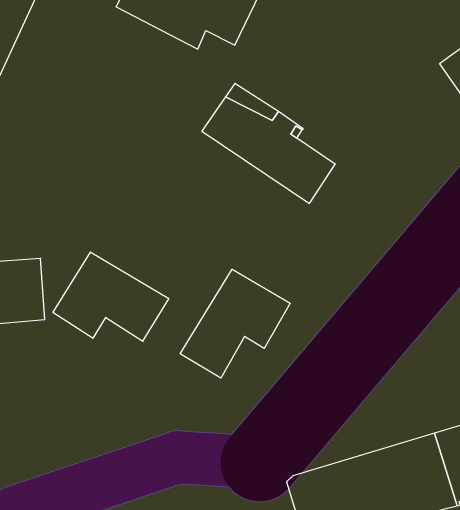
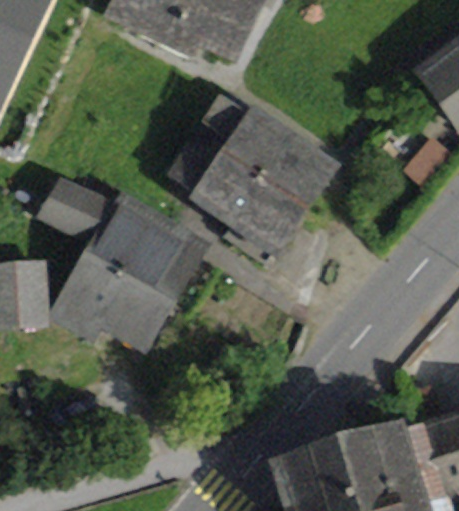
building: none -> [173,139,301,260]
building: none -> [41,186,192,301]
building: [180,269,290,378] -> none

